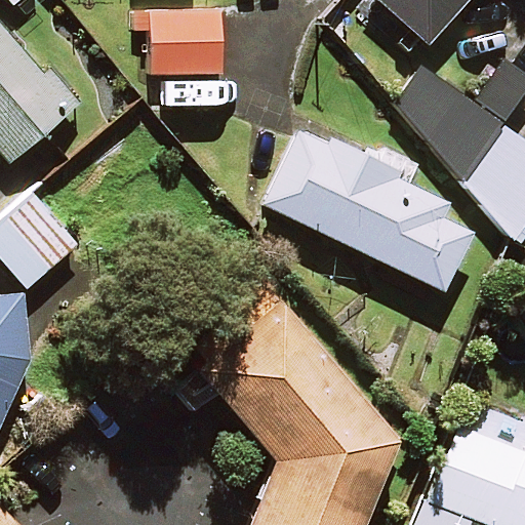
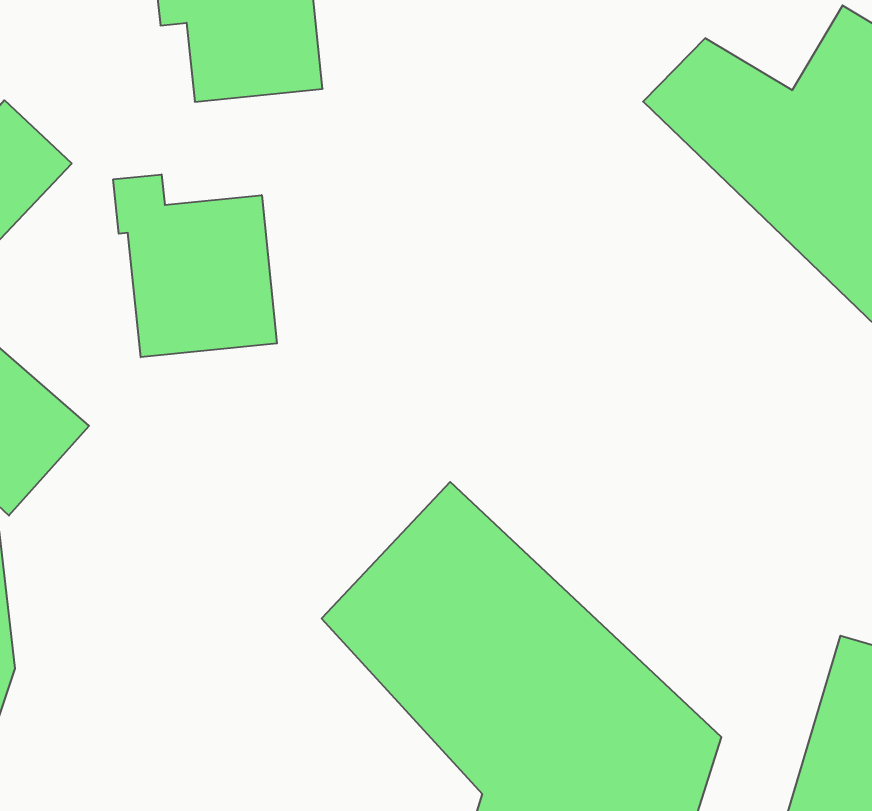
building: none -> [113,174,277,357]
building: [265,129,472,291] -> none

